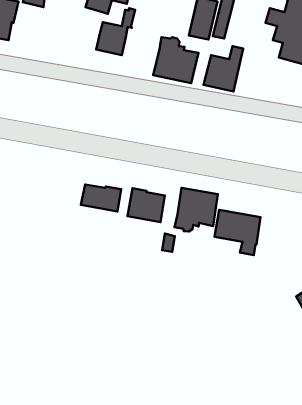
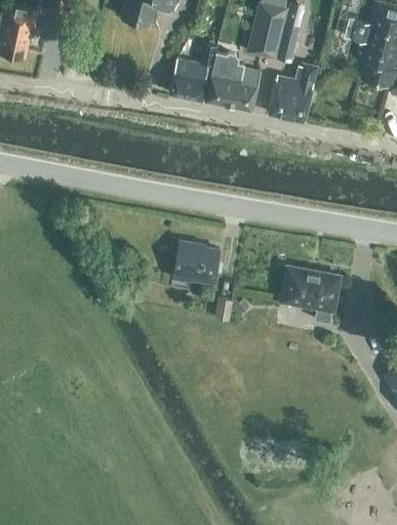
building: [96,8,135,55] -> [170,41,219,99]
building: [81,184,121,211] -> none
building: [174,188,218,231] -> none

